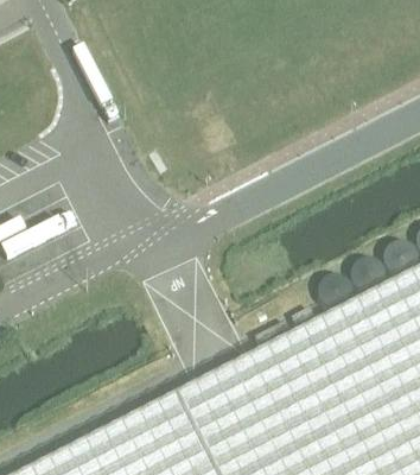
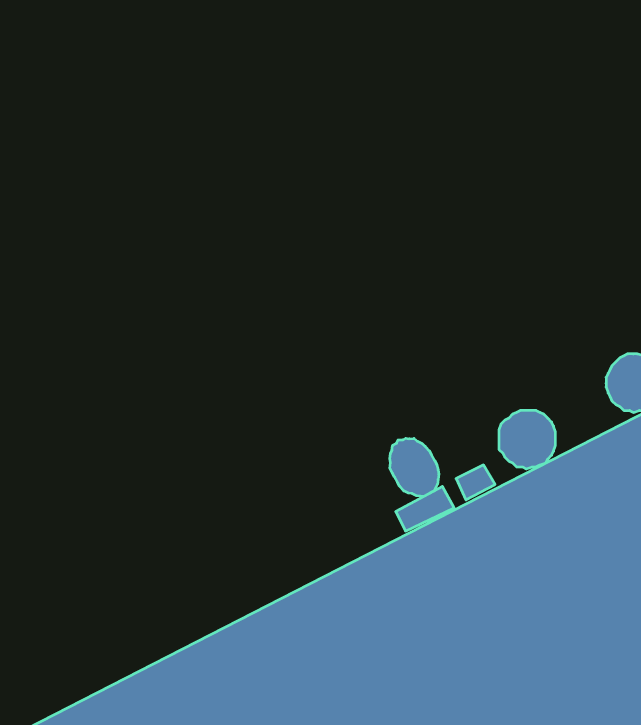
building: [350,264,386,298] -> none
building: none -> [390,438,439,496]

